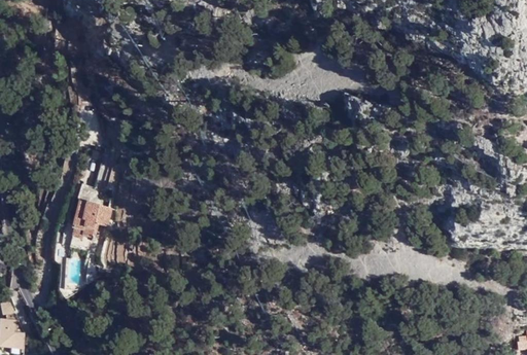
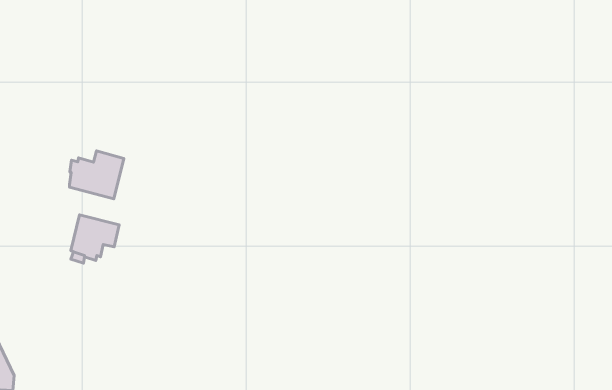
building: none -> [69,151,124,199]

